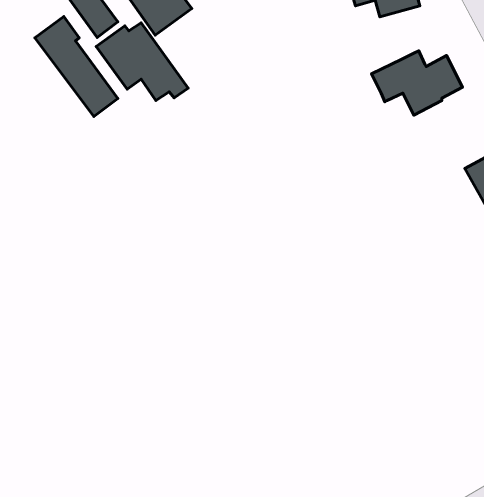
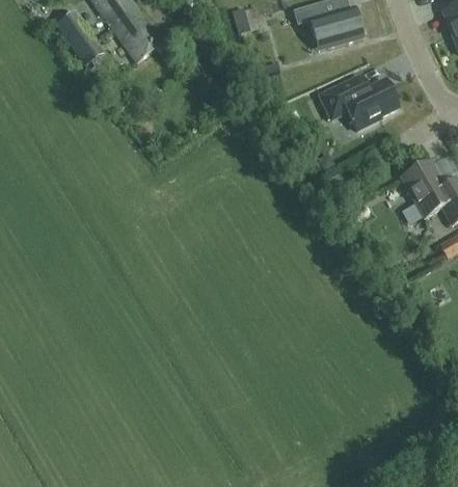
building: [35,17,118,116] -> none
building: [96,23,188,101] -> none

